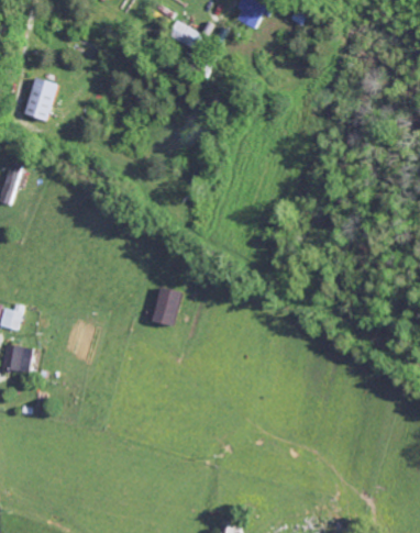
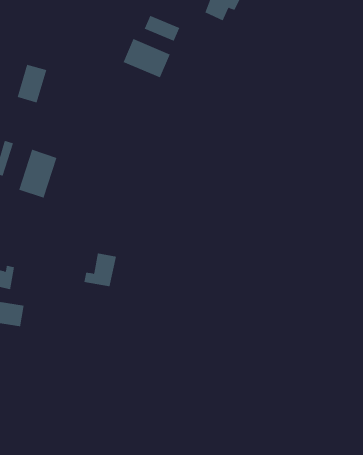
building: none -> [123,38,171,78]
building: none -> [19,149,57,198]
building: [143,287,180,325] -> [84,253,117,287]

